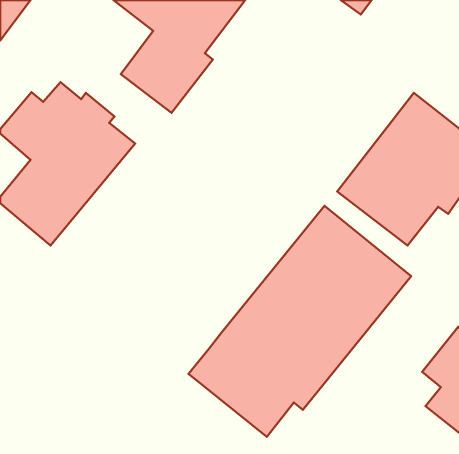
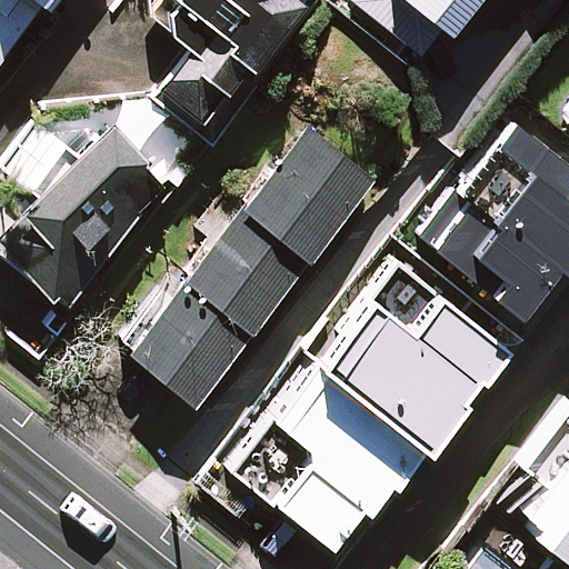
building: none -> [132,131,375,403]

